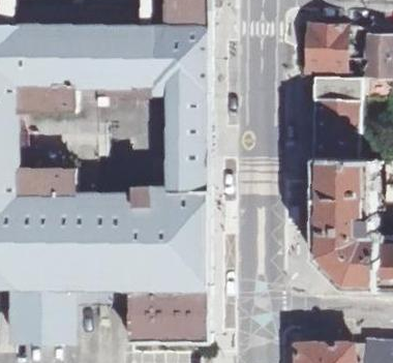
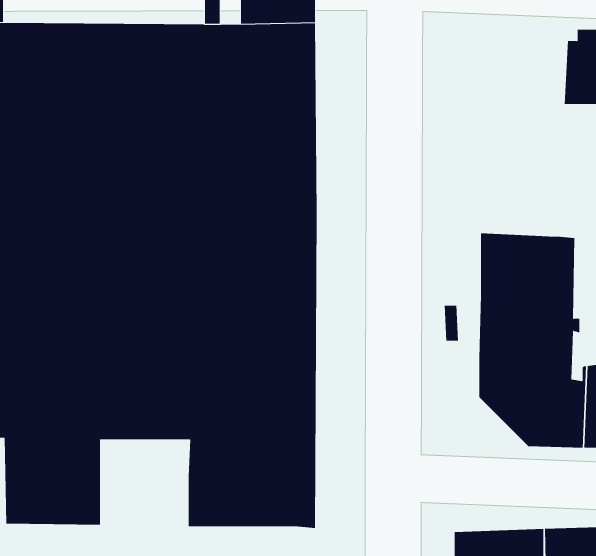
building: [305,27,346,74] -> none
building: [312,79,360,160] -> none

